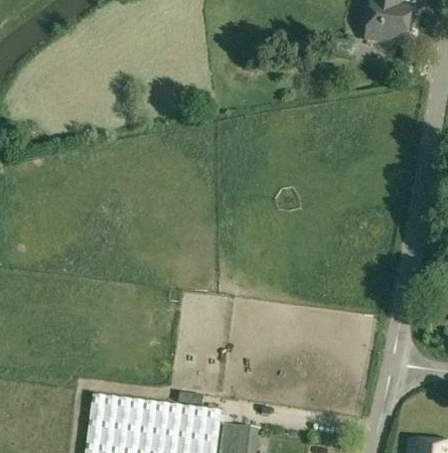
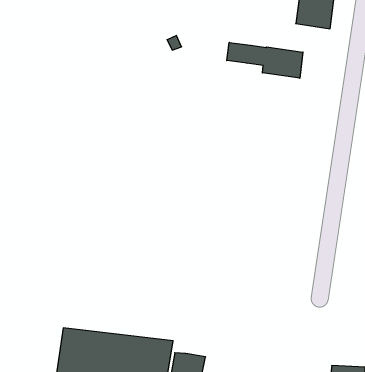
building: none -> [227,42,303,78]

